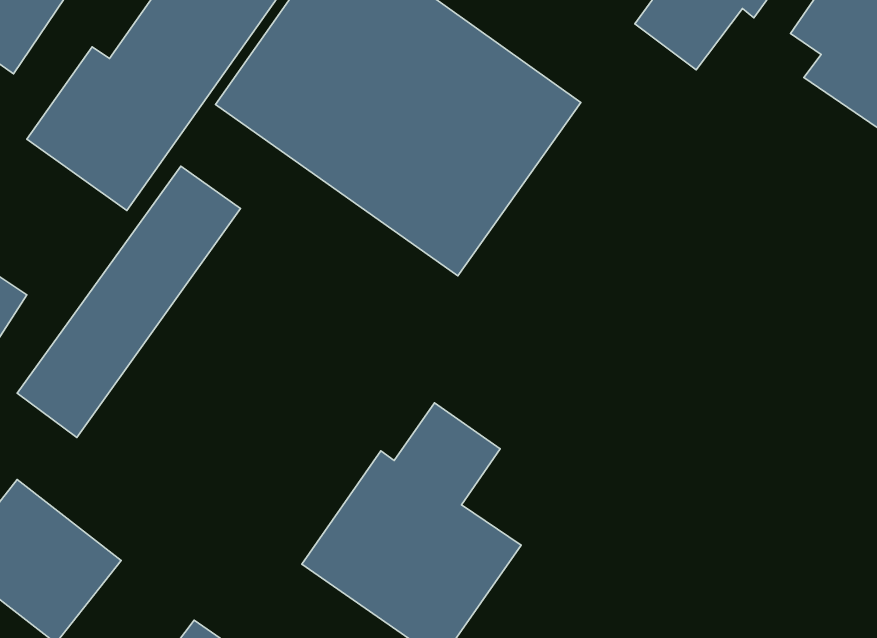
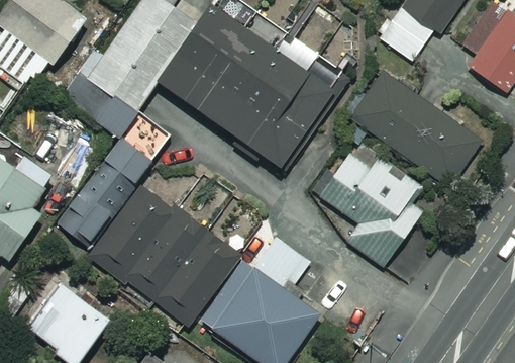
building: none -> [351,72,479,185]
building: none -> [314,137,434,266]
building: none -> [90,188,236,329]

